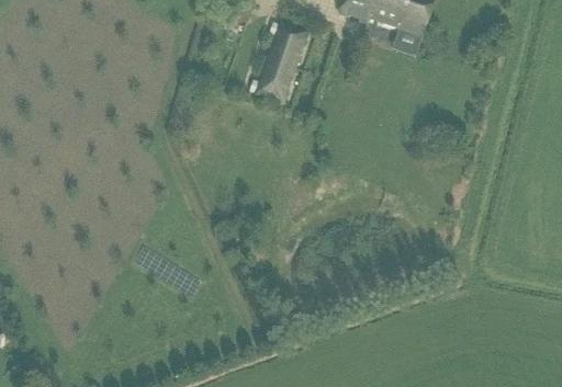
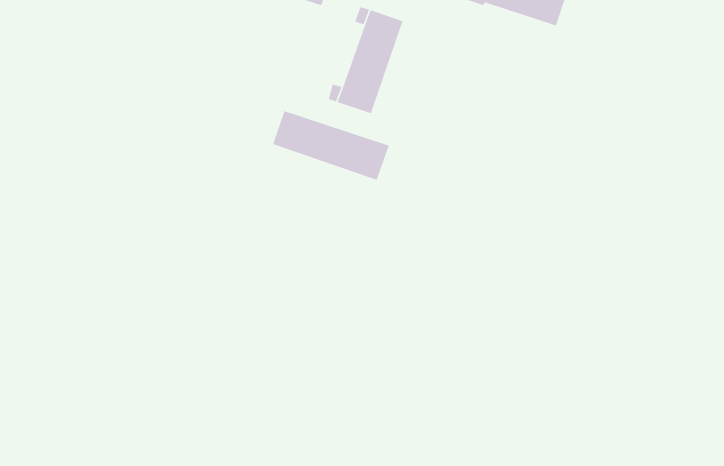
building: none -> [272,110,390,181]

